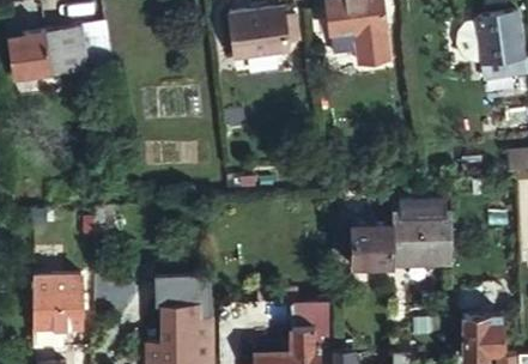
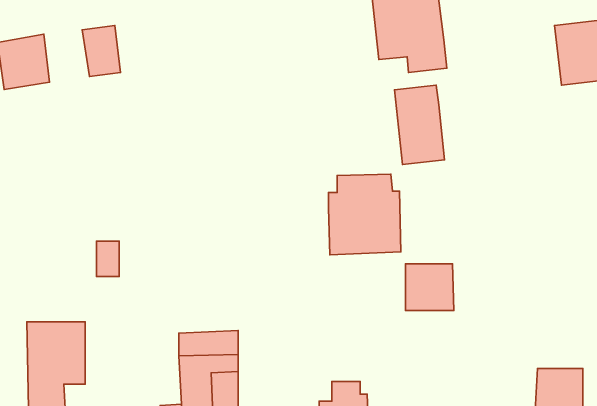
building: [225,6,284,56] -> none
building: [47,26,85,71] -> none
building: none -> [394,85,444,165]
building: [392,195,453,263] -> [329,174,401,255]

